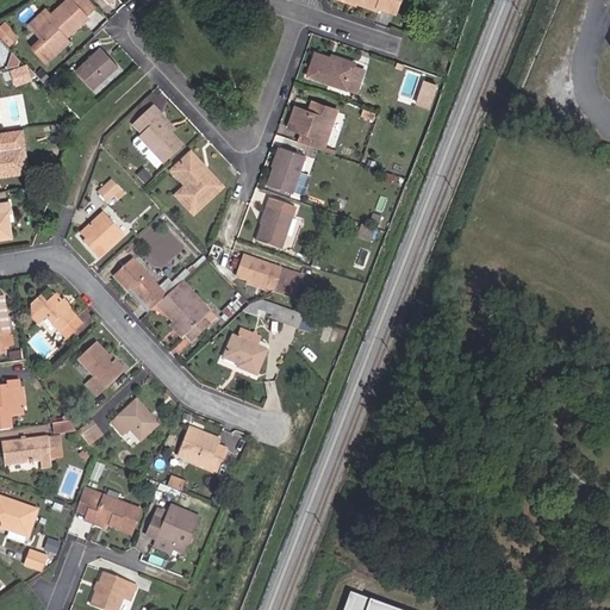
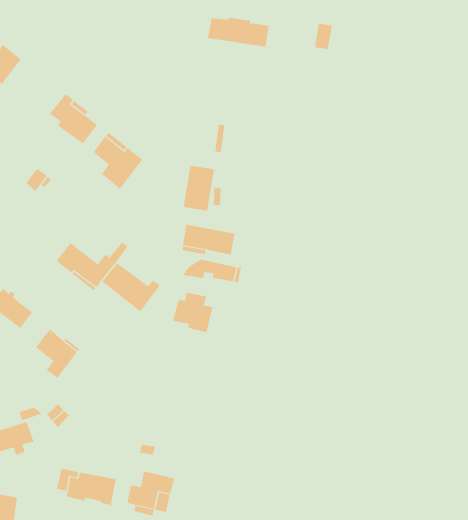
building: [286,104,335,155] -> none
building: [263,148,300,193] -> none
building: [81,213,124,257] -> none
building: [111,400,160,441] -> none
building: [178,431,225,471] -> none

